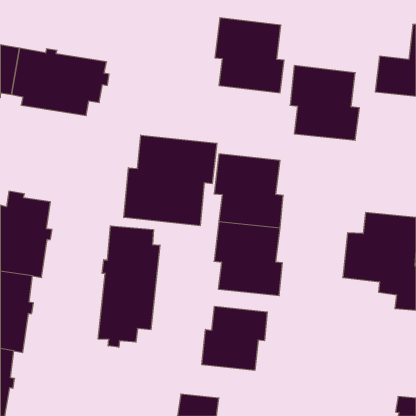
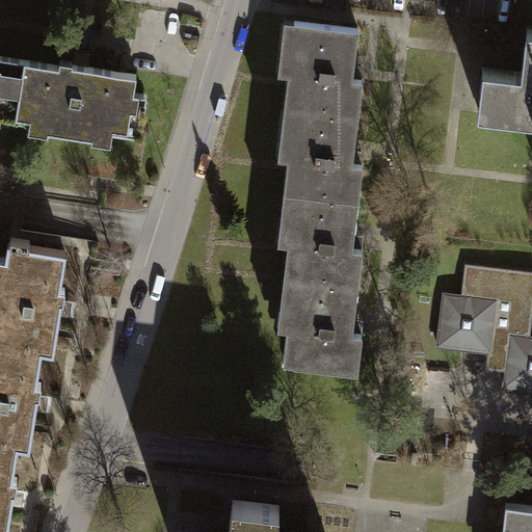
building: [290,65,359,140] -> [274,109,363,205]
building: [124,135,217,226] -> none
building: [98,226,160,347] -> none
building: [202,306,267,370] -> none

